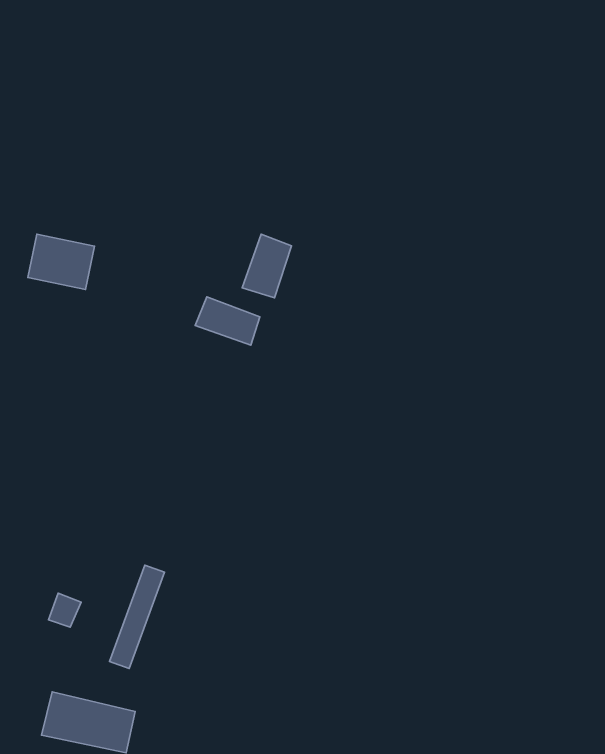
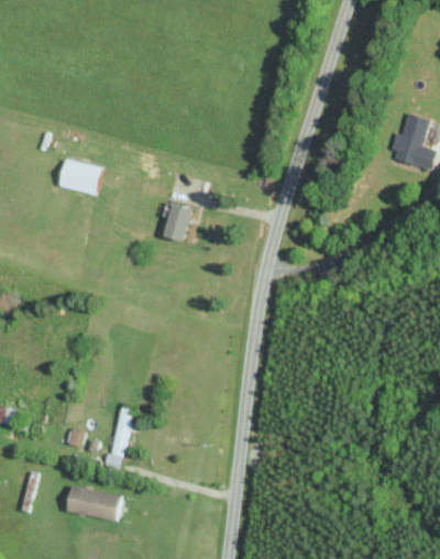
building: [28,234,95,290] -> [62,161,100,191]
building: [195,297,260,345] -> none

